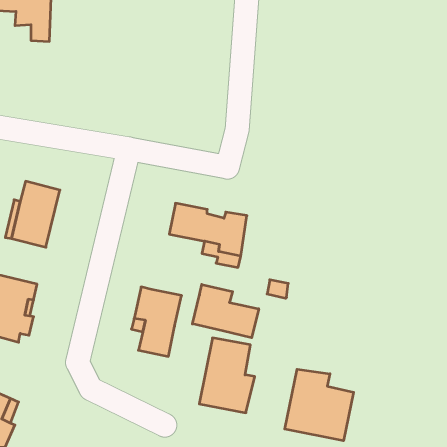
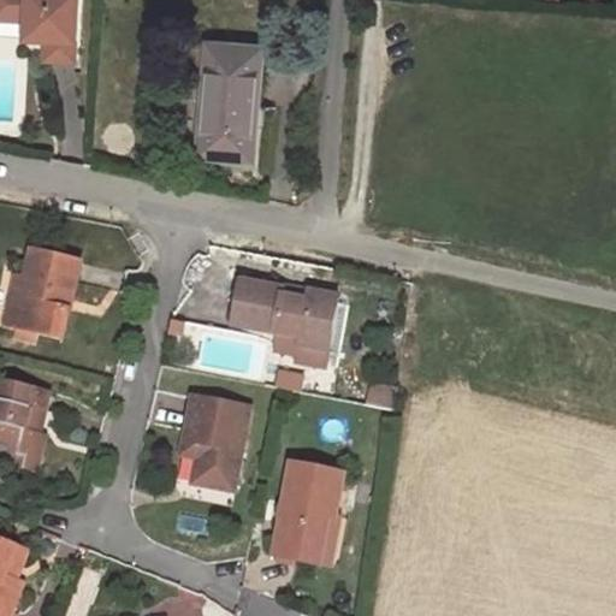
building: none -> [192,38,255,156]
building: [192,284,259,338] -> none
building: [285,369,354,441] -> none

